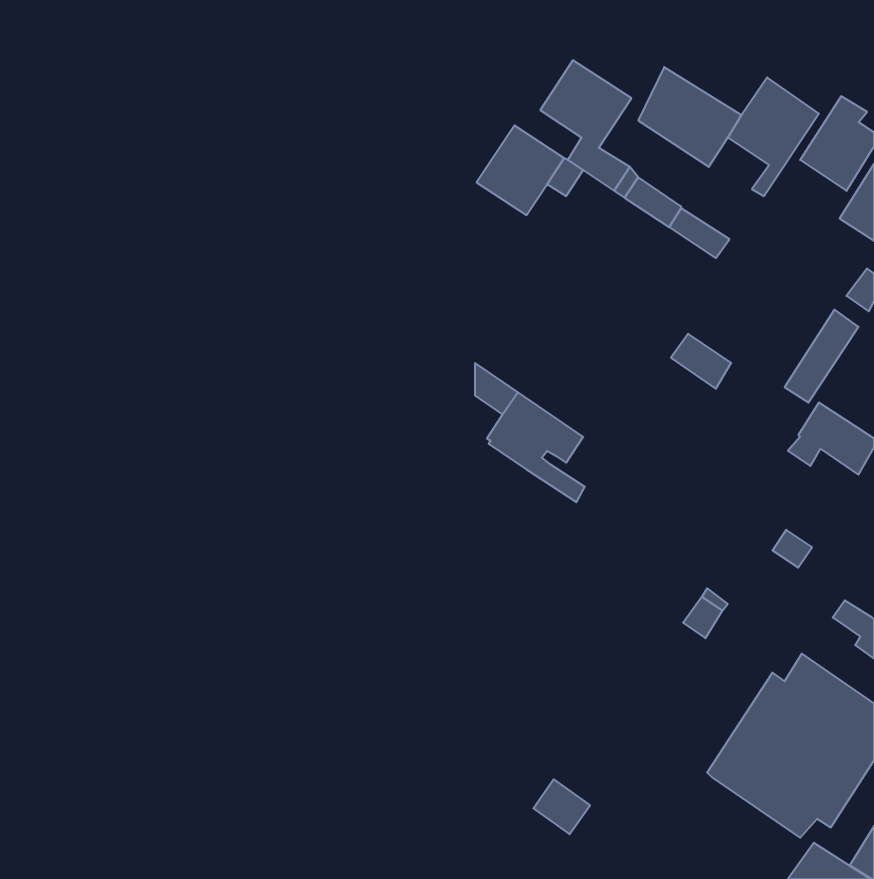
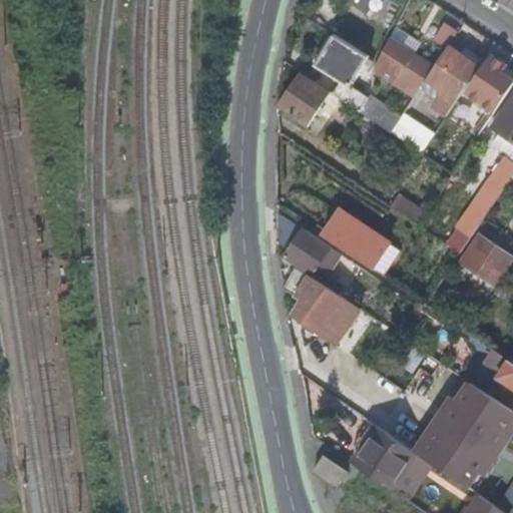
building: none -> [321,203,391,268]
building: none -> [282,274,360,343]
building: none -> [352,425,415,488]

